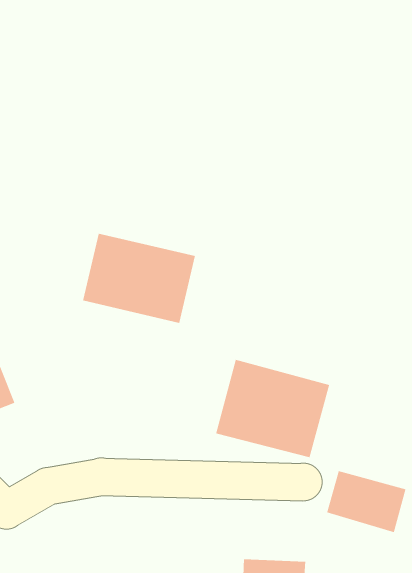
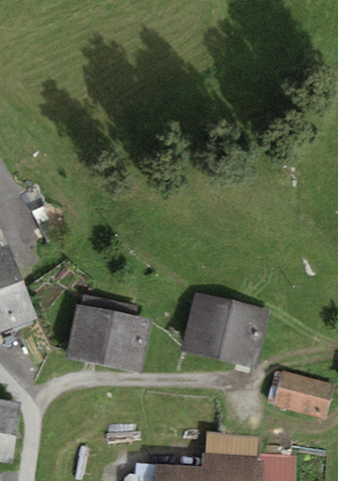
building: [82,233,196,324] -> [68,302,153,371]

